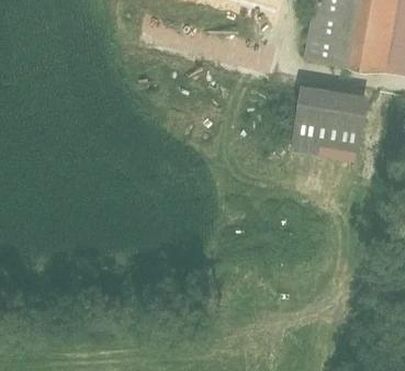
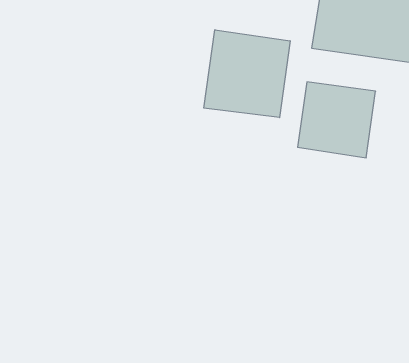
building: none -> [204,30,290,118]

